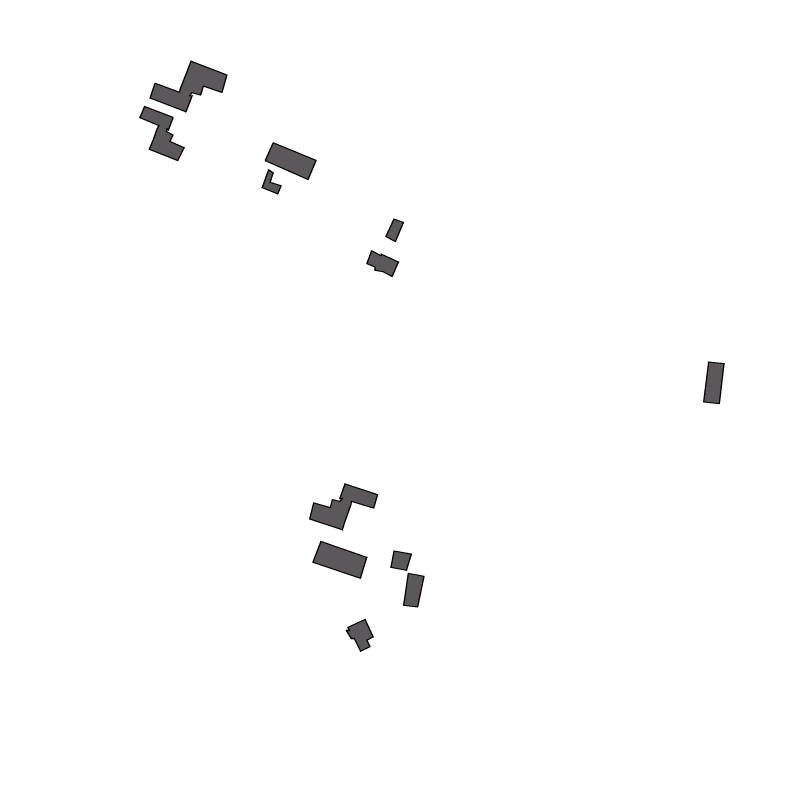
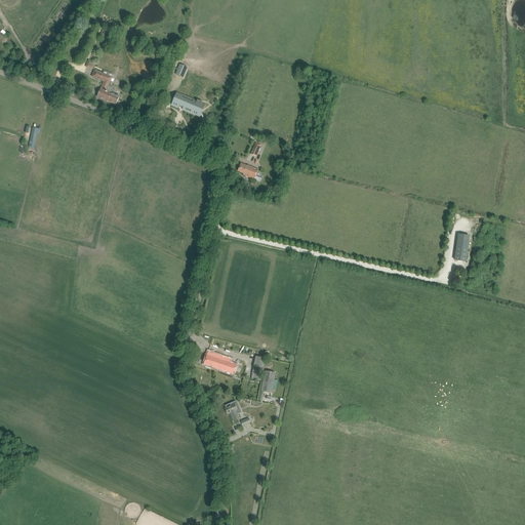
building: [150,61,227,112] -> none
building: [310,484,377,530] -> none

